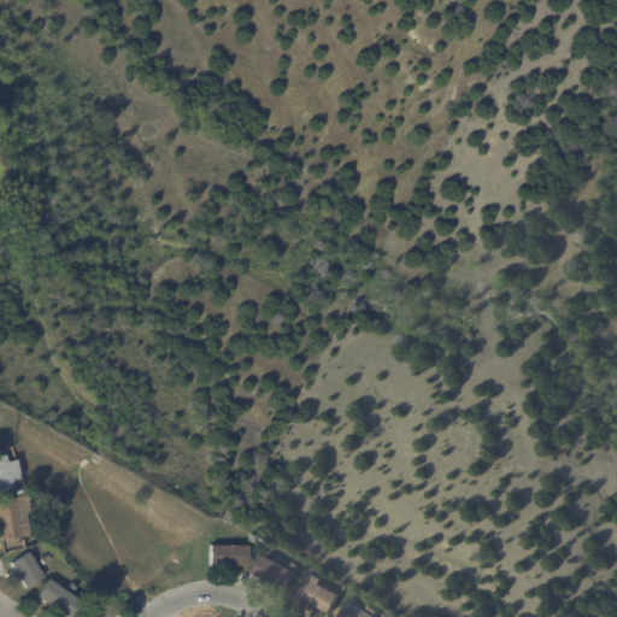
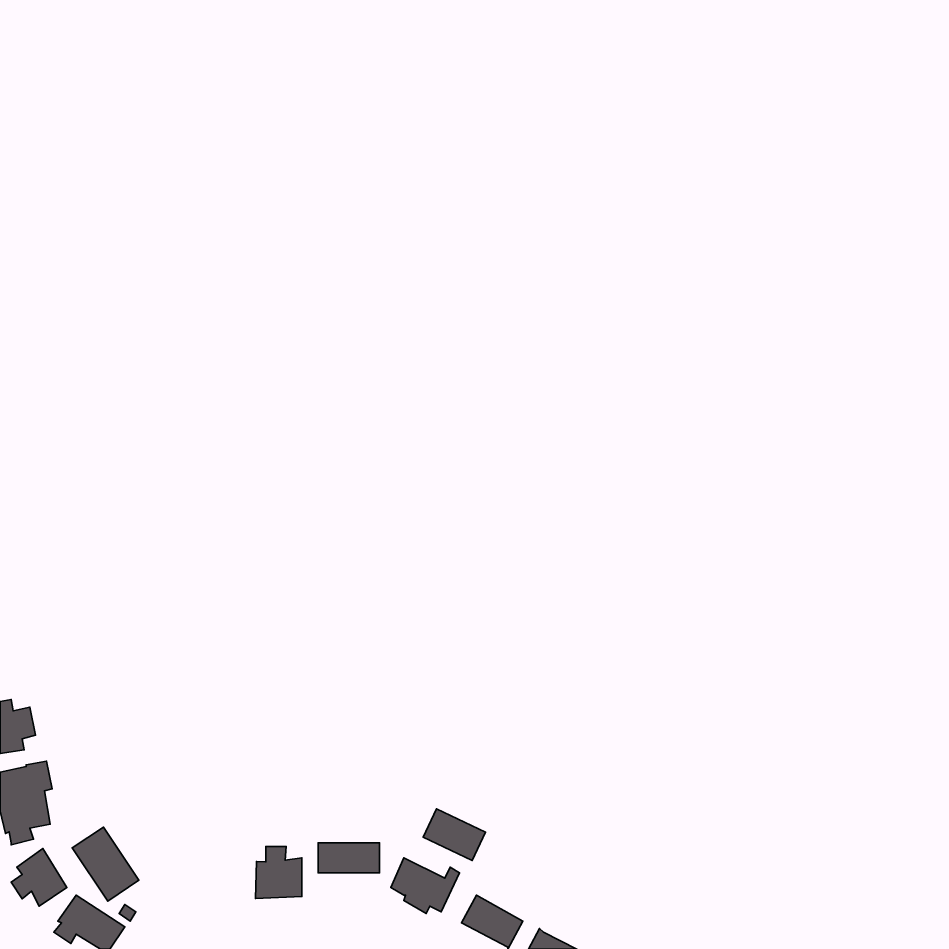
building: none -> [423,809,486,861]
building: none -> [72,827,139,901]
building: none -> [256,846,302,898]

